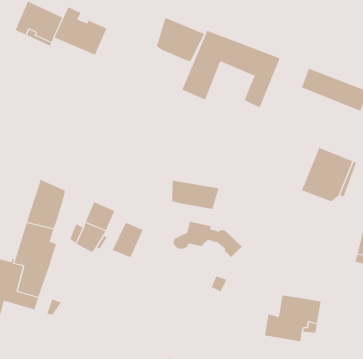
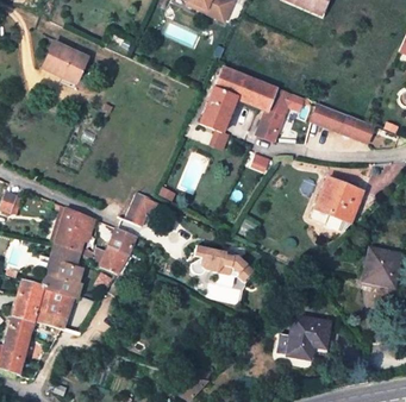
building: [54,7,107,56] -> none
building: [156,17,205,62] -> none
building: [172,180,219,209] -> none
building: [112,222,143,258] -> [124,193,154,226]

